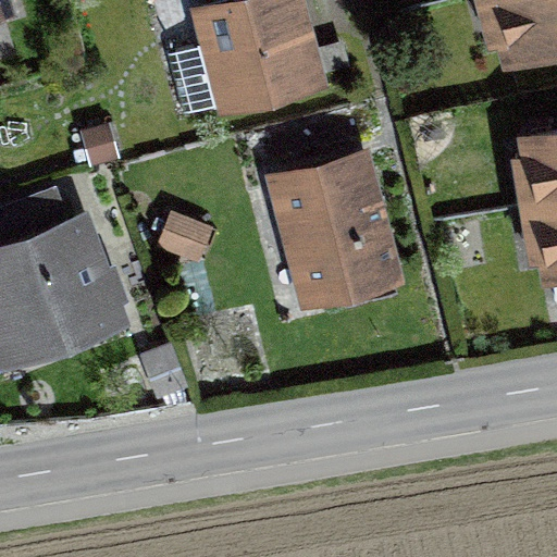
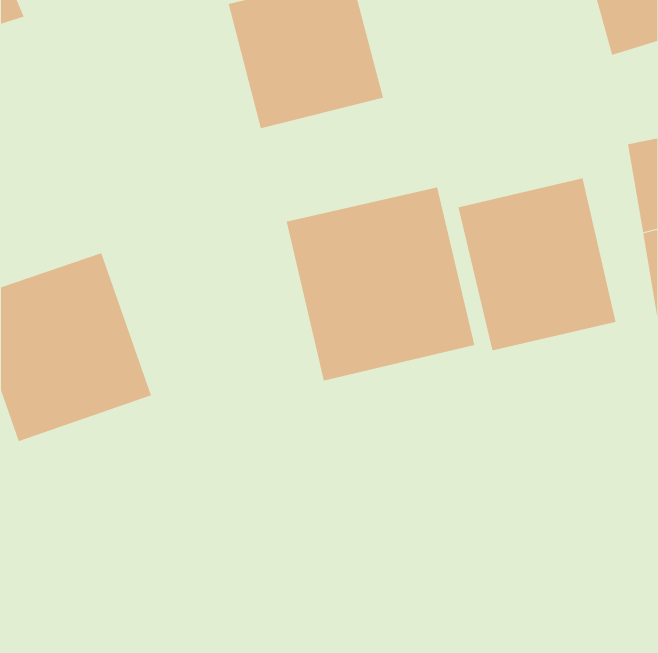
building: none -> [458,178,616,351]

